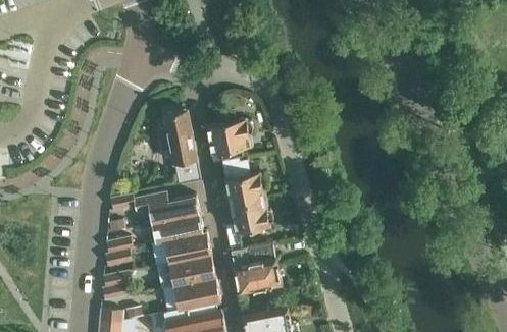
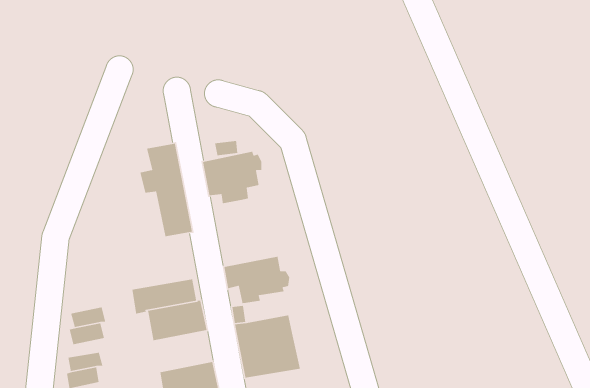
building: [218,157,266,208] -> none
building: [111,193,199,225] -> none
building: [168,257,214,288] -> none

